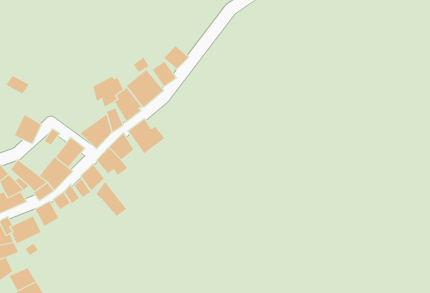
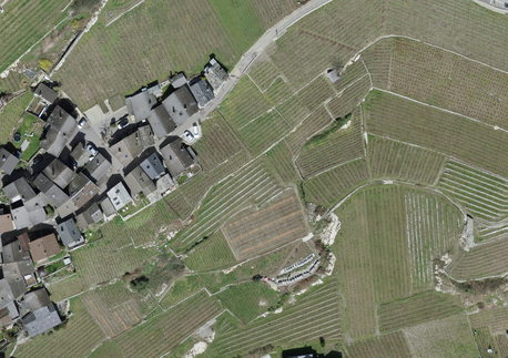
building: none -> [44,105,77,137]
building: none -> [40,158,77,192]
building: [96,181,127,217] -> none

